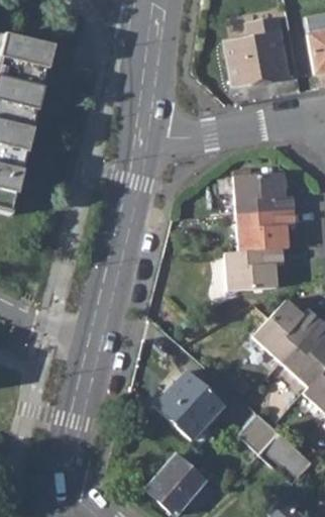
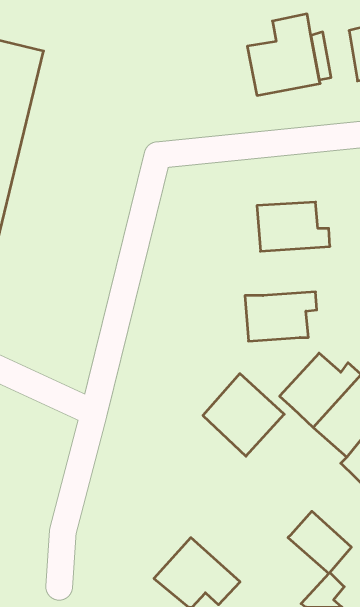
building: [236,209,295,250] -> none
building: [158,371,227,440] -> [203,374,284,456]
building: [240,413,280,452] -> none

